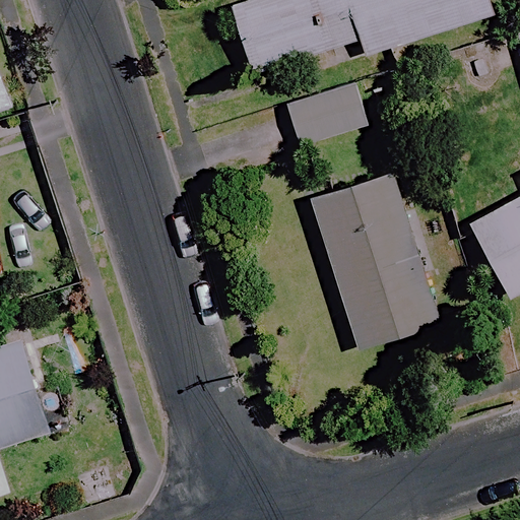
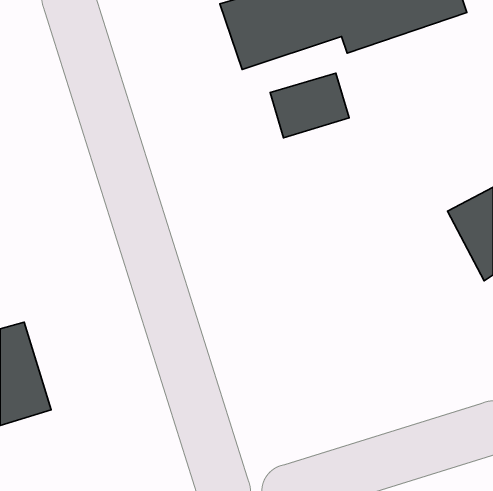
building: [311,174,440,348] -> none

